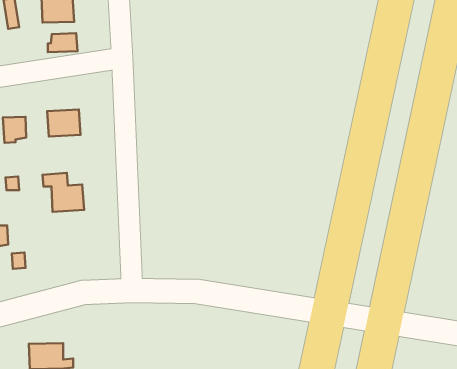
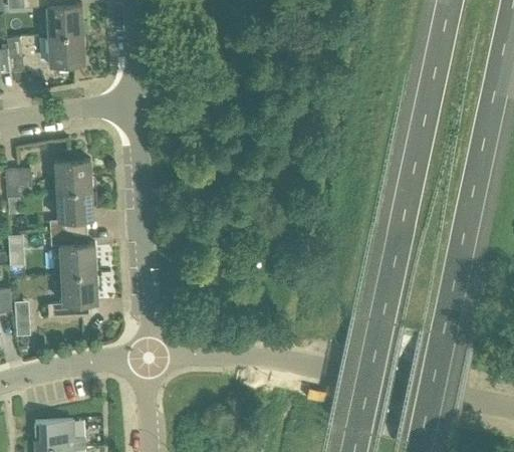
building: [48,33,77,52] -> none
building: none -> [49,189,92,233]
building: none -> [48,272,97,317]

